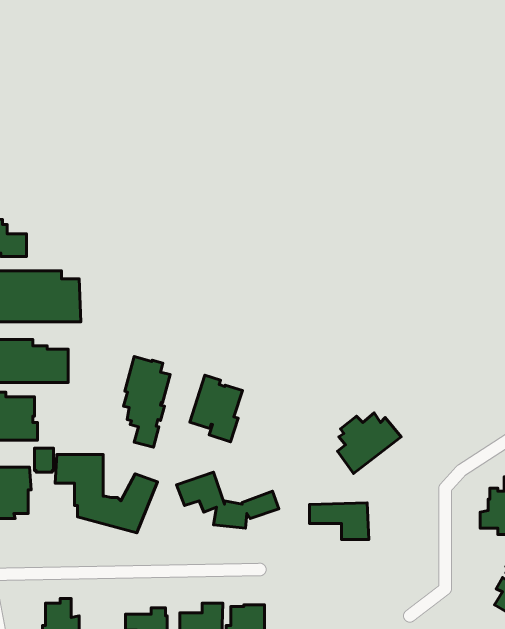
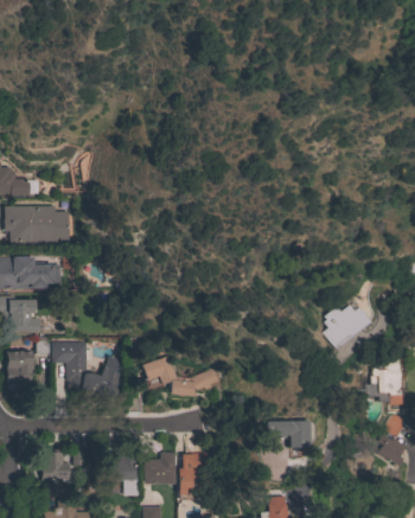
building: [124,357,170,447] -> none
building: [190,375,242,442] -> none
building: [337,413,401,474] -> [324,303,371,348]
building: [310,503,369,540] -> [264,420,308,447]

